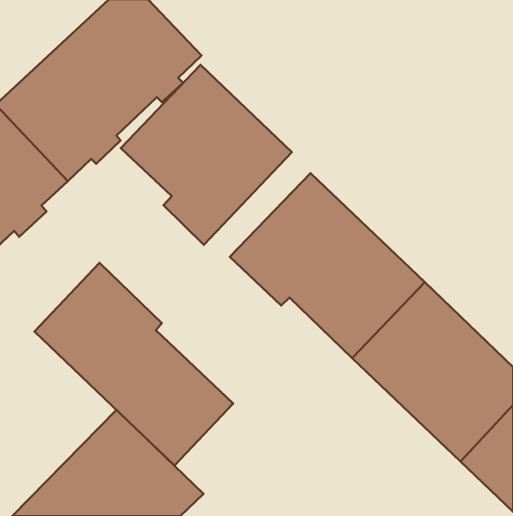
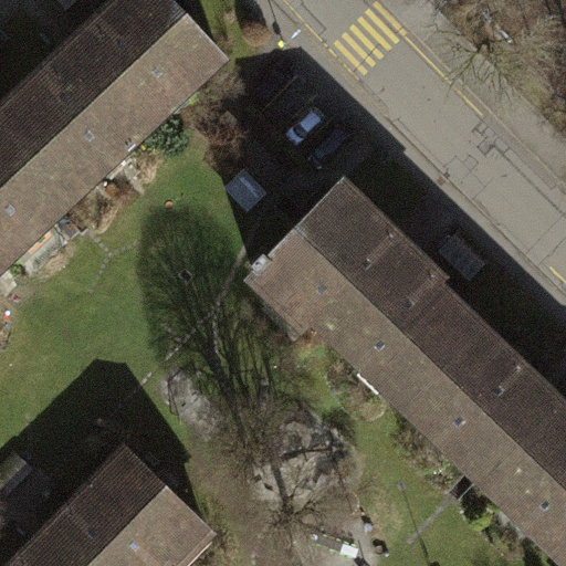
building: [121,65,292,245] -> none
building: [35,263,233,465] -> none

